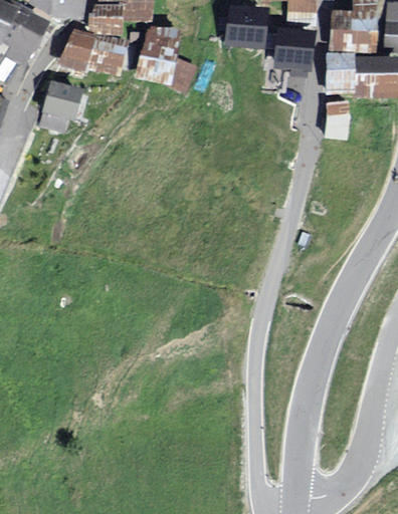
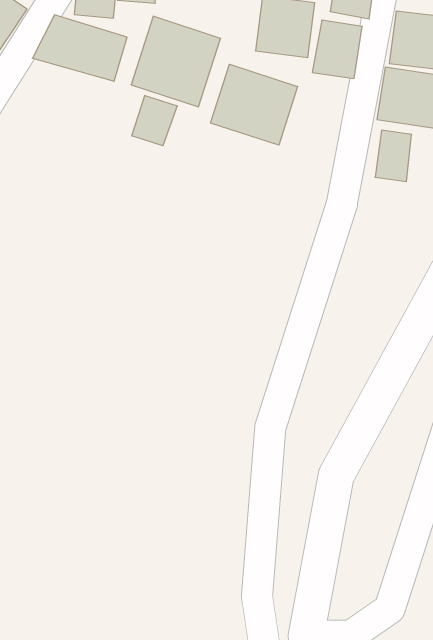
building: none -> [211,64,298,145]
building: [42,79,83,119] -> none
building: none -> [132,95,177,146]

